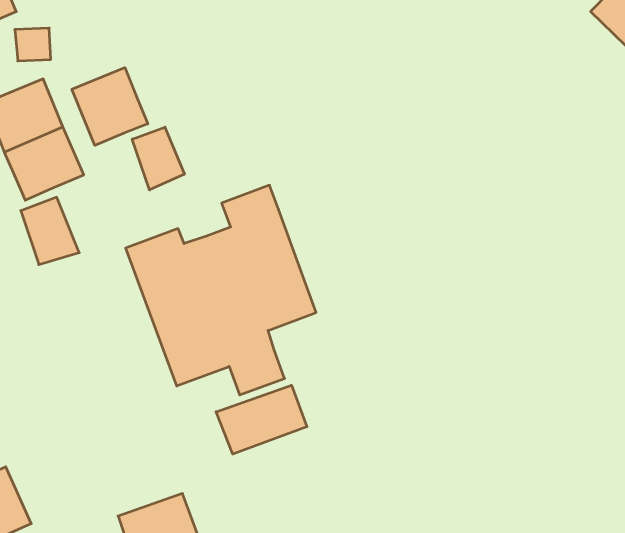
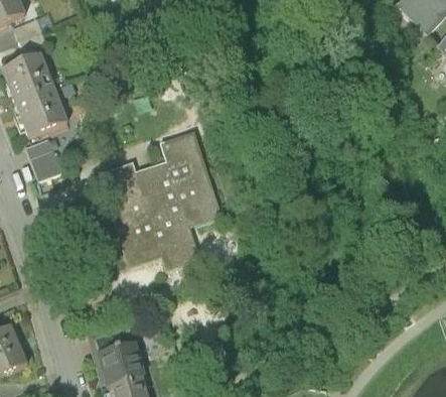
building: [72,68,148,145] -> none
building: [132,127,184,190] -> none
building: [216,385,307,454] -> none

